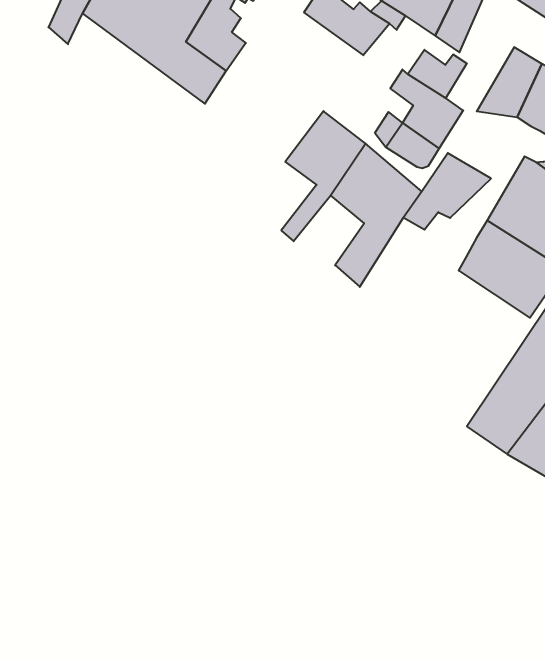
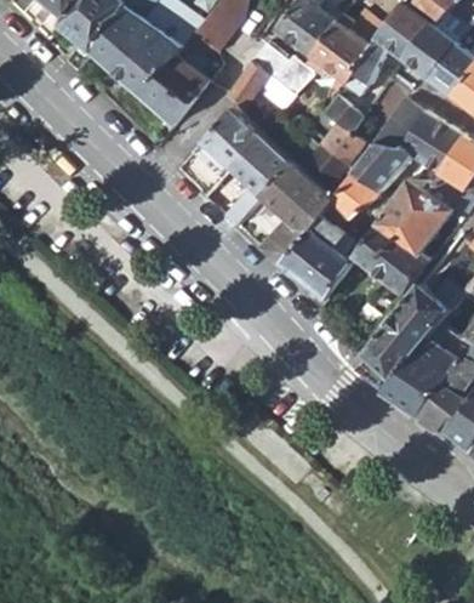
building: none -> [227,62,293,110]
building: none -> [192,108,262,181]
building: none -> [350,143,412,193]
building: none -> [280,217,350,300]

